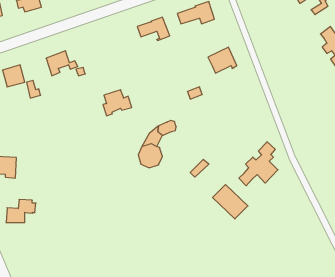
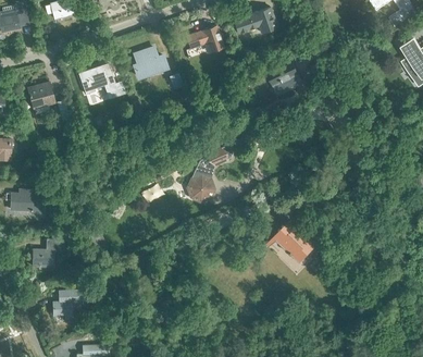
building: [103,90,132,116] -> [134,48,167,78]
building: [239,142,278,186] -> none
building: none -> [52,291,86,319]

